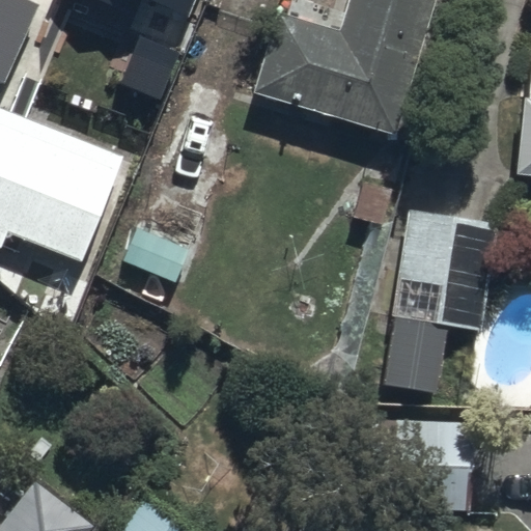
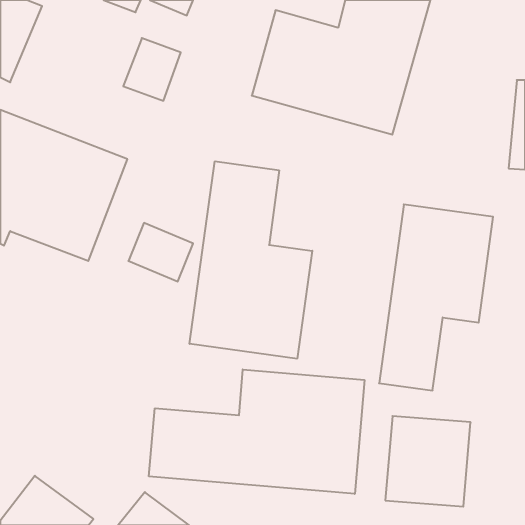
building: none -> [190,161,312,359]
building: none -> [149,369,364,494]

